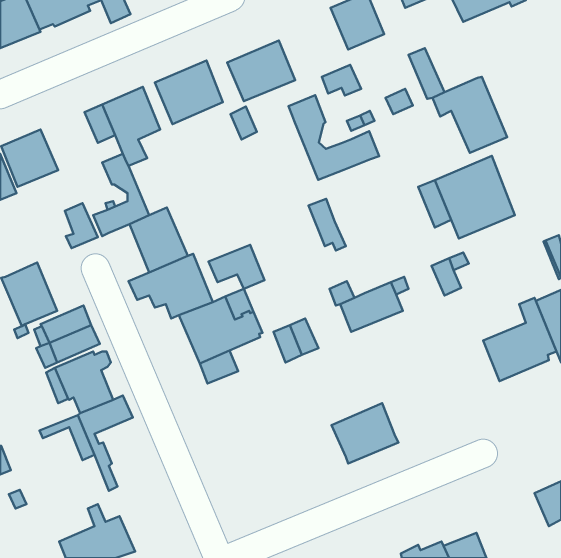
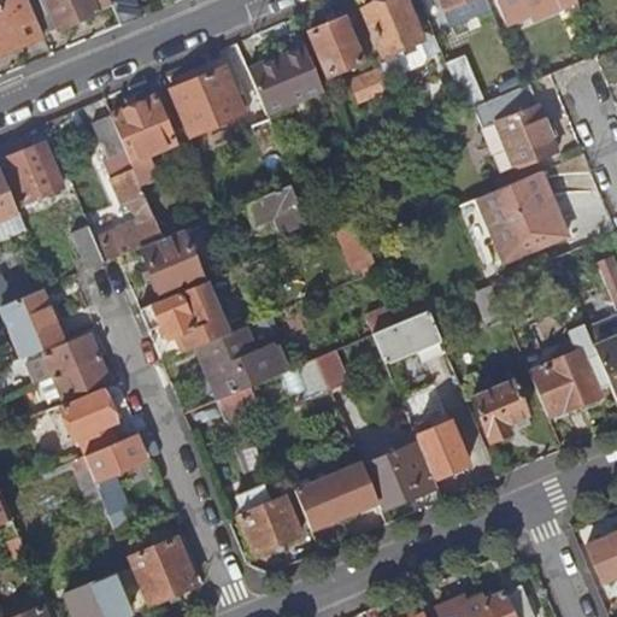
building: none -> [310,17,364,76]
building: [289,95,379,180] -> none
building: [209,245,265,289] -> [245,184,306,233]
building: none -> [472,381,529,441]
building: none -> [411,415,470,478]
building: none -> [296,463,380,529]
building: none -> [240,495,302,553]
building: none -> [131,537,196,604]

